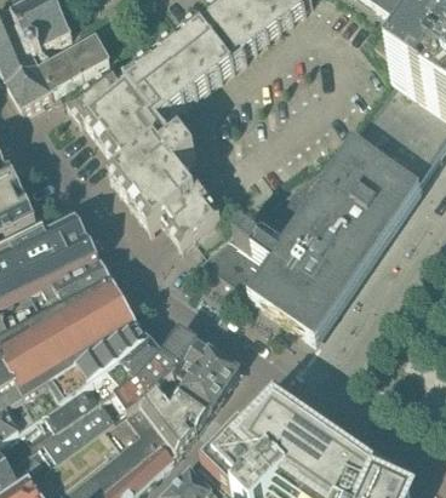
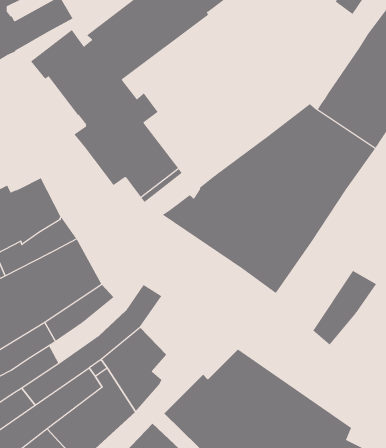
building: none -> [313,270,377,346]
building: [178,338,240,423] -> none
building: [86,339,162,406] -> none

